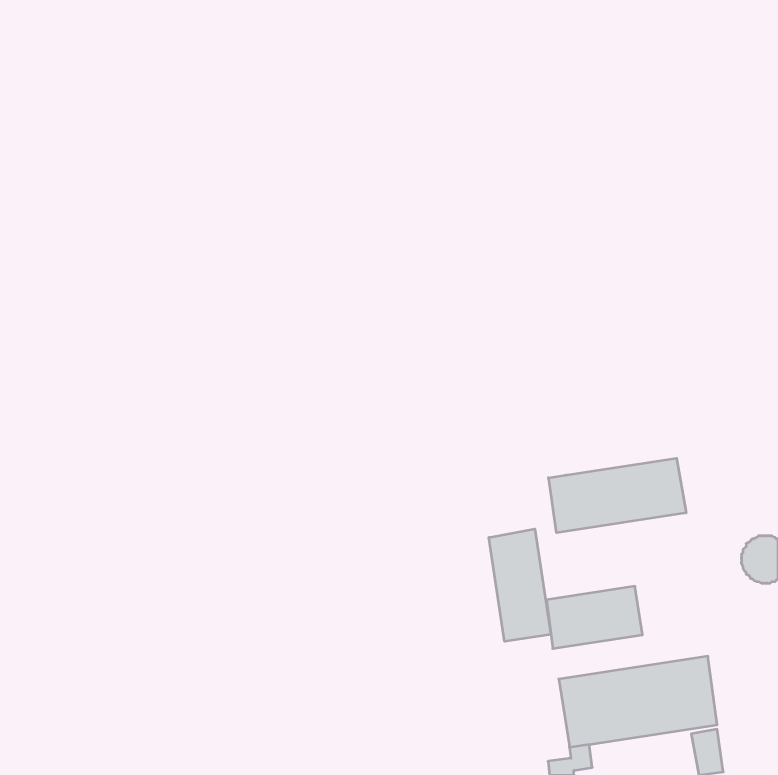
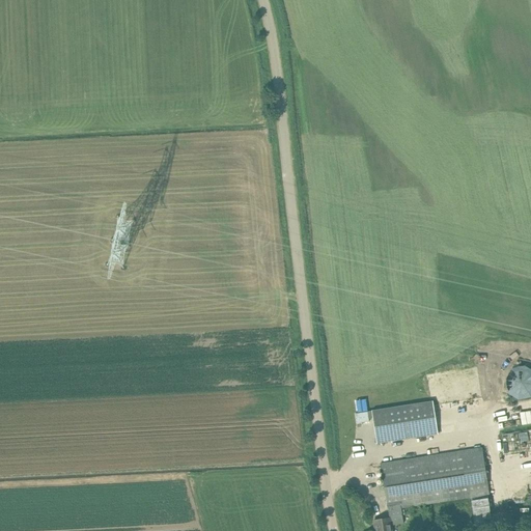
building: [548,458,686,533] -> none
building: [489,529,551,641] -> none

